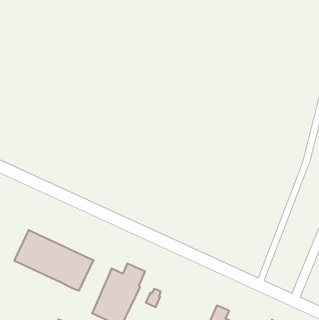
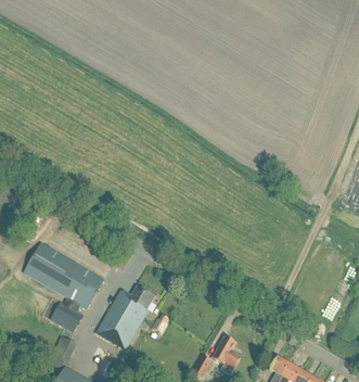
building: none -> [50,297,82,331]

